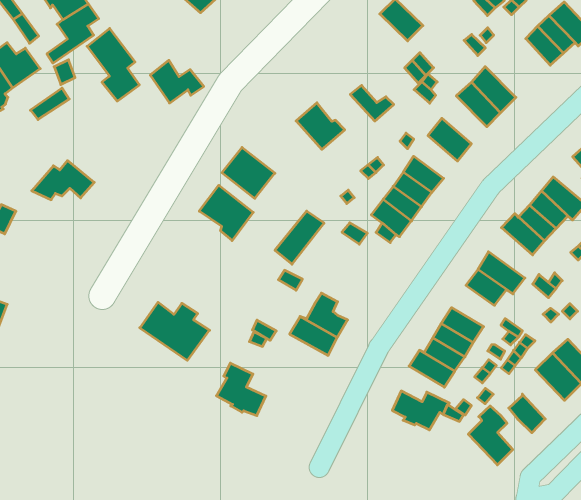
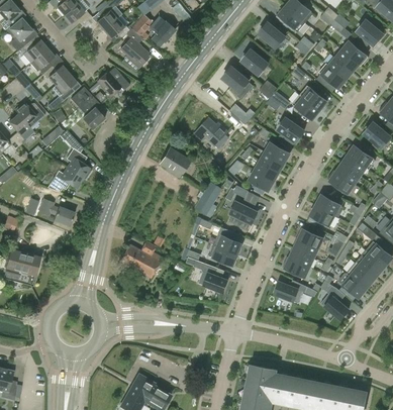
building: none -> [222,68,253,100]
building: none -> [316,63,346,90]
building: [150,60,204,103] -> [97,72,129,97]
building: none -> [67,149,90,179]
building: [199,185,253,241] -> none
building: none -> [38,200,74,226]
building: none -> [230,198,262,228]
building: [216,363,266,416] -> [198,263,227,292]
building: none -> [347,261,376,289]

